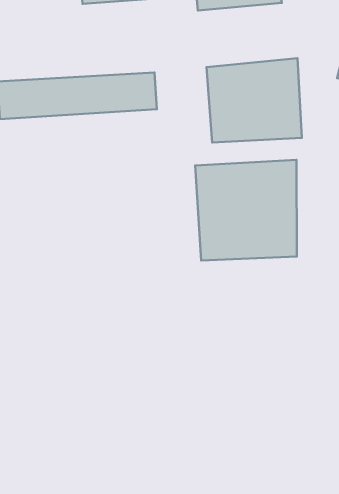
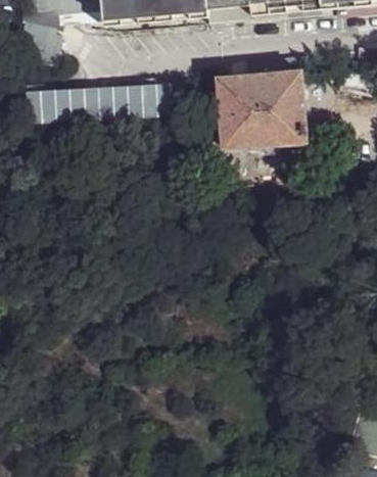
building: [195,160,297,260] -> none

